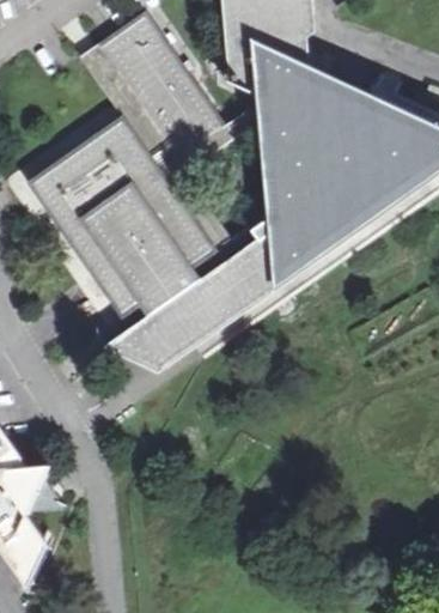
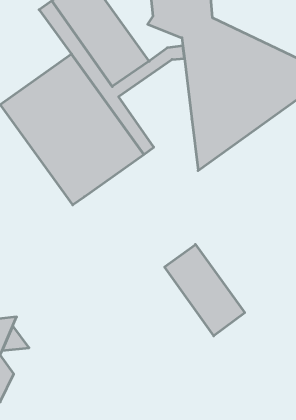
building: [110,204,289,370] -> none
building: none -> [165,244,245,336]

